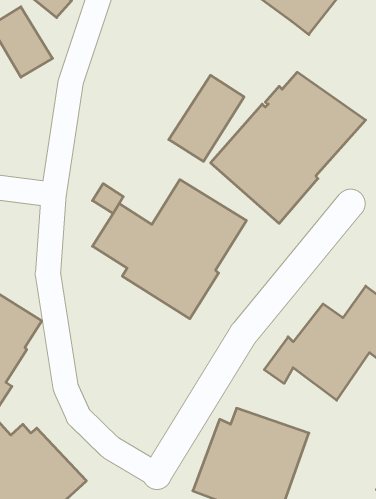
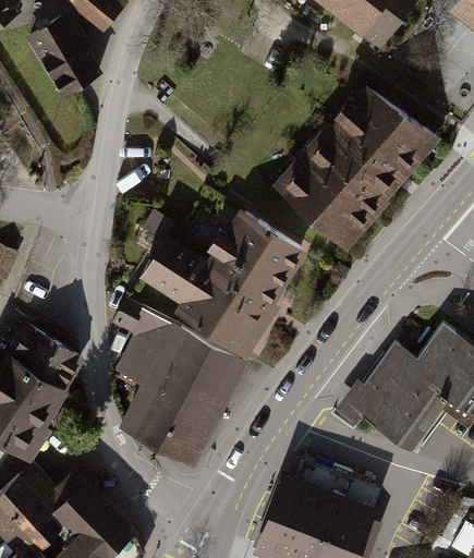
building: [169,75,244,161] -> none
building: none -> [112,300,248,466]

